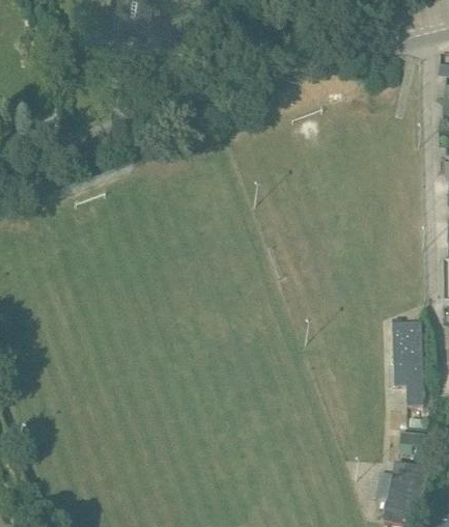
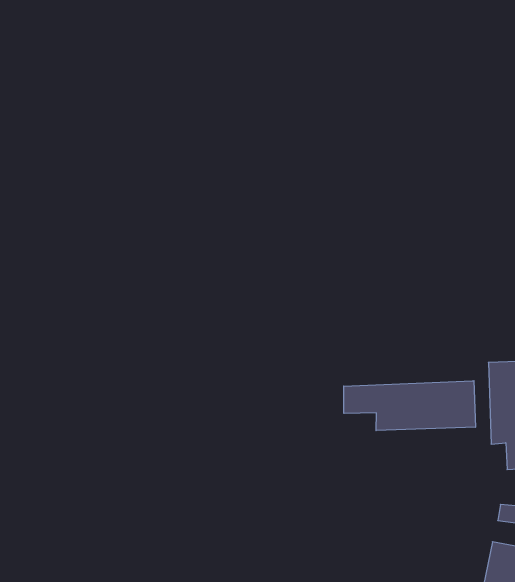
building: none -> [344,381,475,431]

